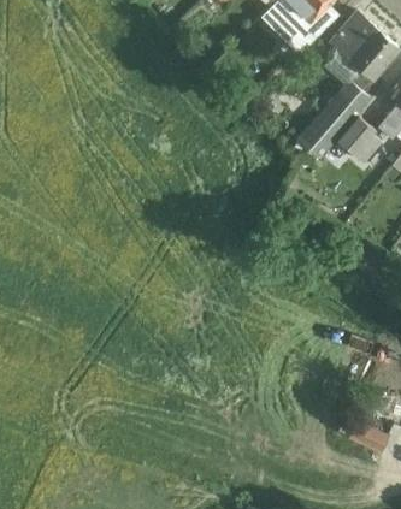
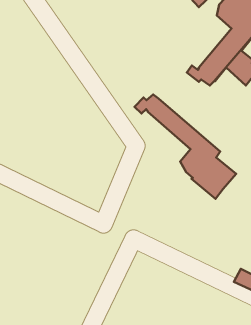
building: none -> [135,94,236,199]

